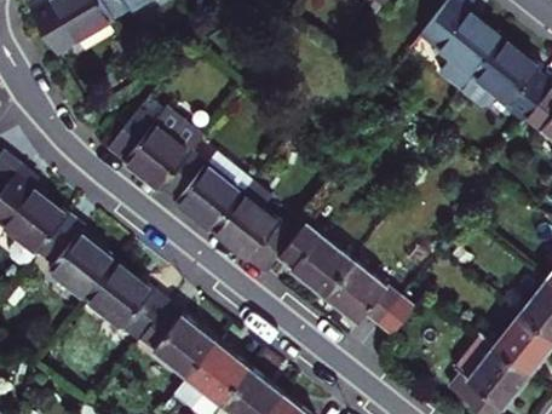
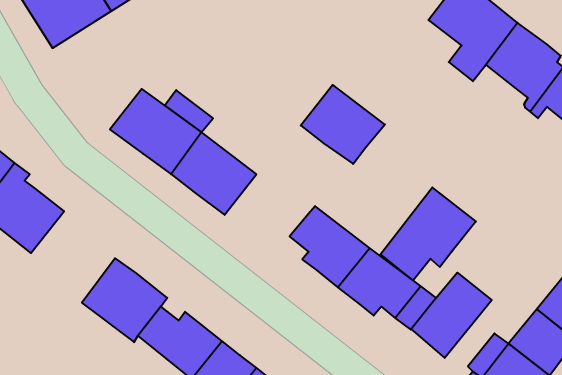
building: [220,184,300,259] -> [301,85,385,164]
building: none -> [380,187,476,281]
building: [36,219,116,306] -> none
building: none -> [411,273,492,358]

